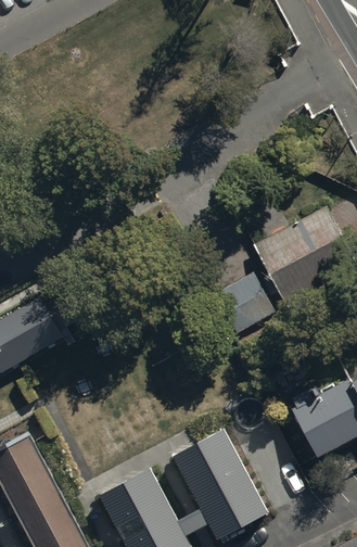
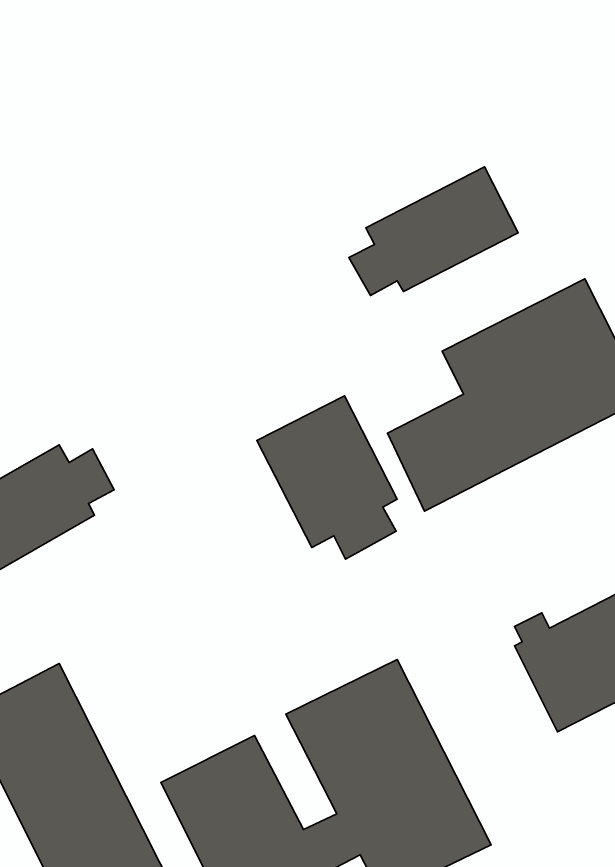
building: none -> [349,167,518,295]
building: none -> [257,396,397,559]

